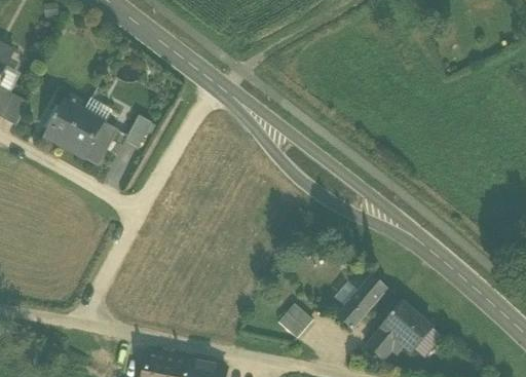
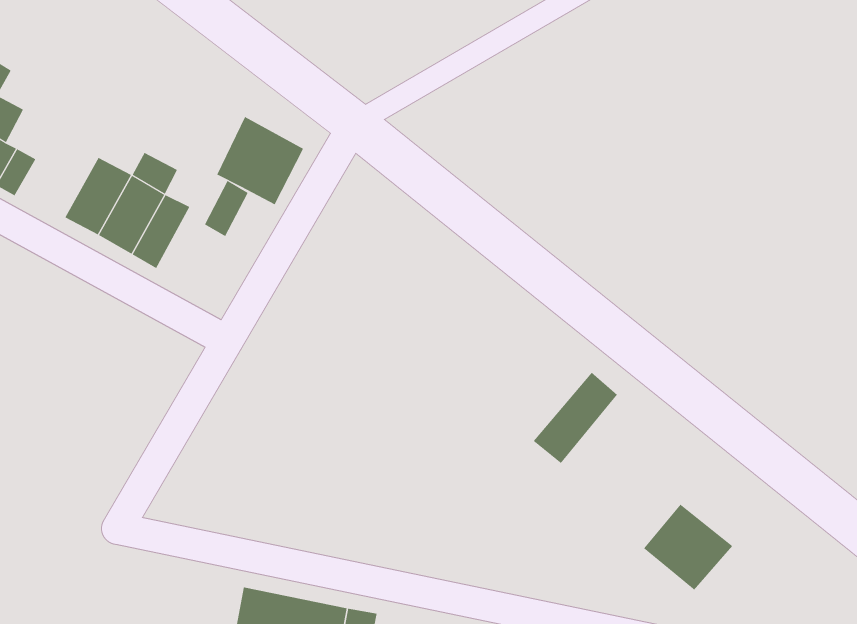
building: none -> [216,116,304,205]
building: [336,276,385,330] -> [533,372,618,464]
building: [277,303,312,338] -> none
building: [365,329,397,361] -> none

